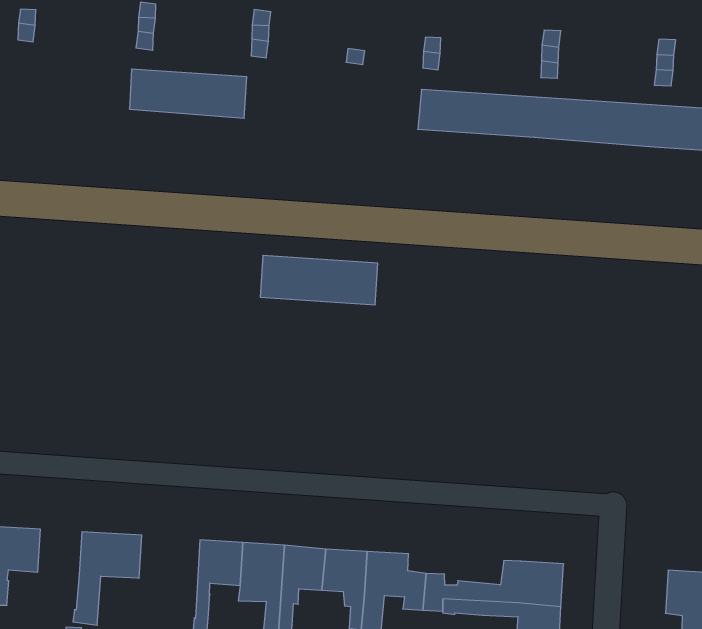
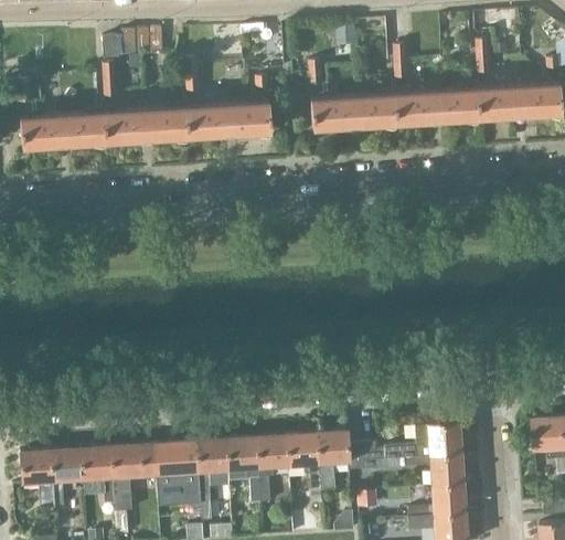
building: none -> [21,114,106,148]
building: [260,256,378,305] -> [186,103,271,138]
building: none -> [83,448,116,506]
building: none -> [156,443,202,500]

